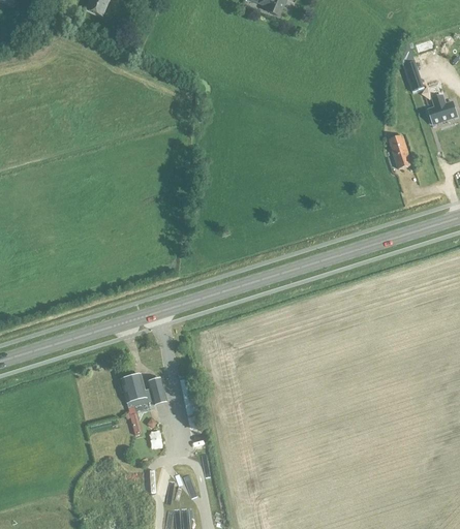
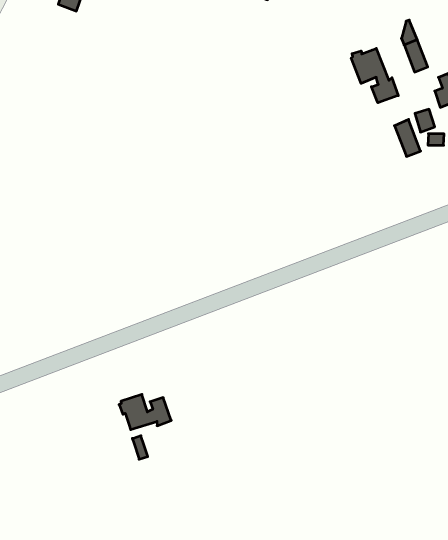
building: none -> [351,48,398,103]

